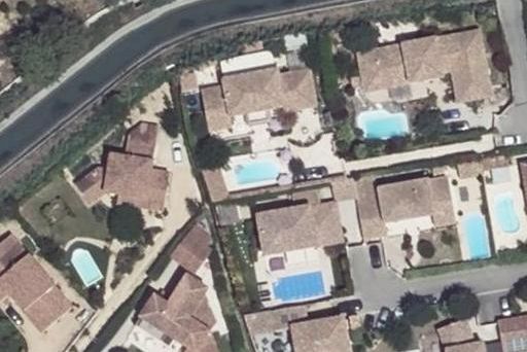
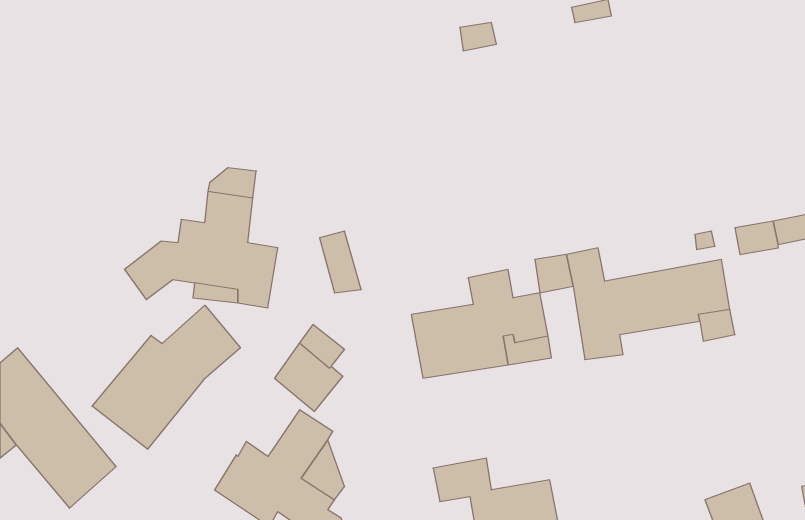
building: [351,29,492,101] -> none
building: [202,67,317,130] -> none
building: none -> [92,305,240,449]

